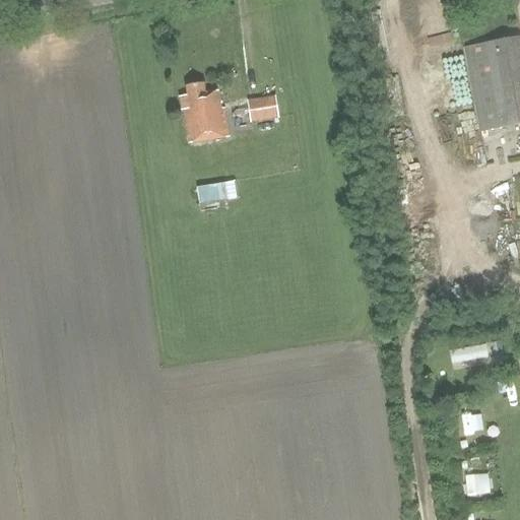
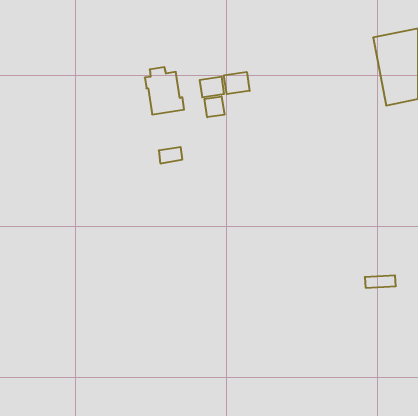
building: none -> [224,72,250,94]
building: none -> [204,96,224,117]

